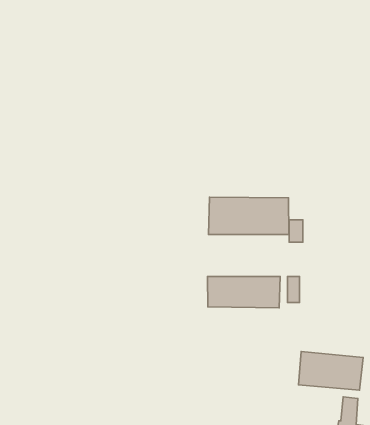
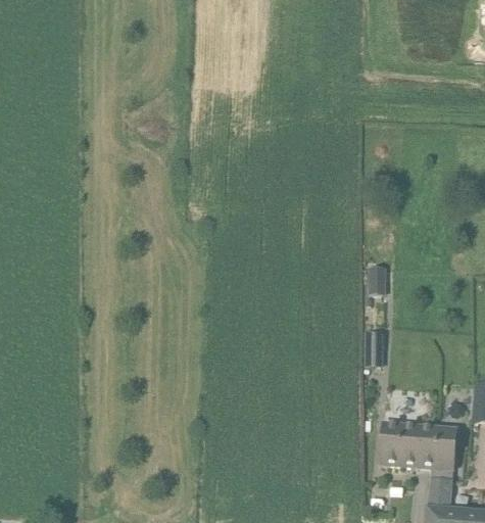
building: [209,197,289,235] -> none
building: [207,276,280,308] -> none

